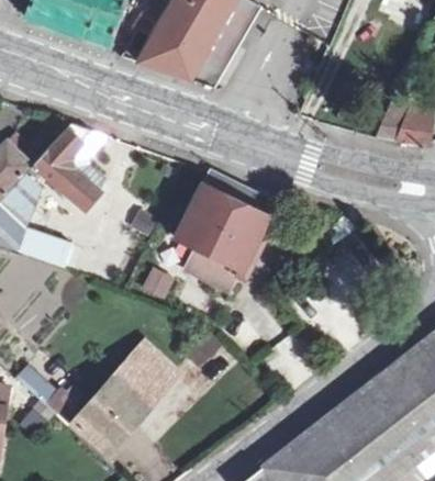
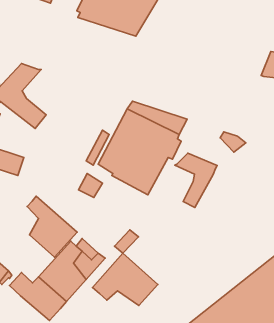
building: none -> [175,153,217,207]
building: none -> [27,196,77,257]
building: none -> [93,253,158,305]

